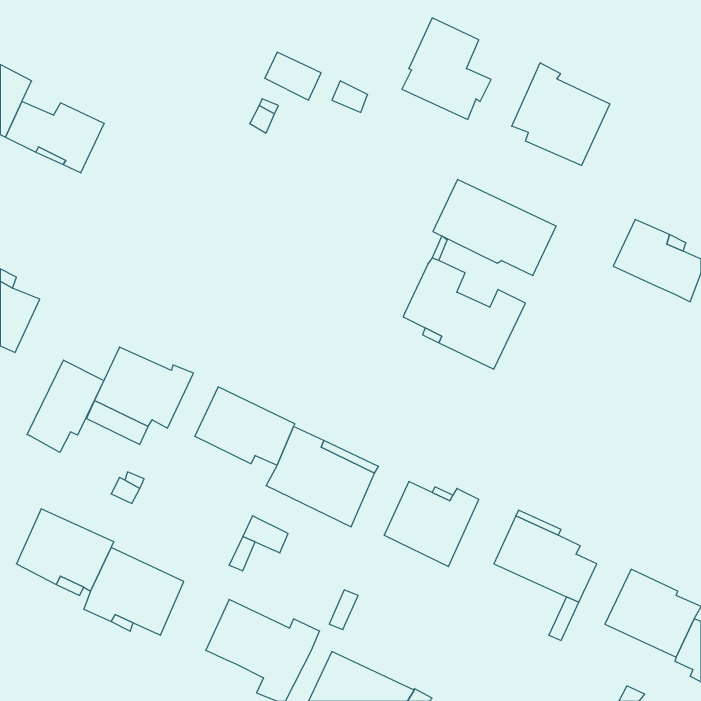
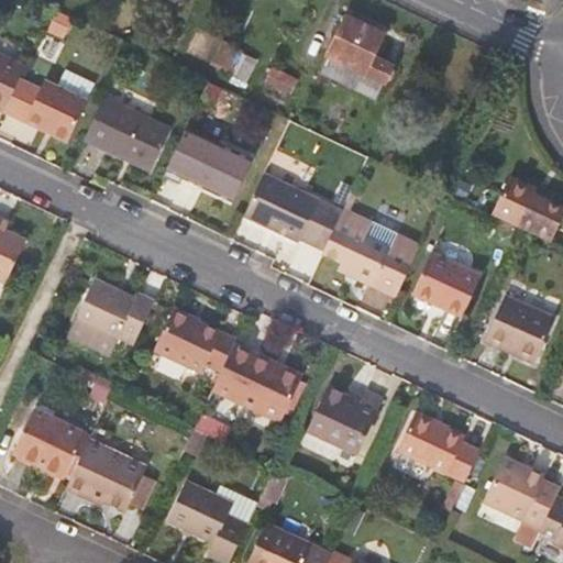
building: [512,63,610,165] -> none
building: none -> [85,98,170,170]
building: none -> [164,128,253,201]
building: [433,179,556,276] -> [244,174,343,251]
building: none -> [413,251,482,316]
building: [27,360,104,452] -> none
building: none -> [486,294,555,361]

